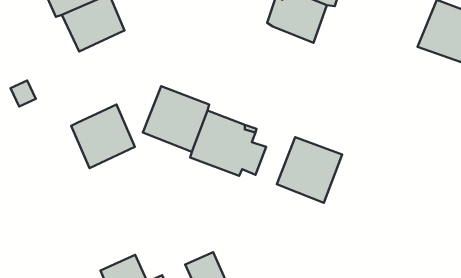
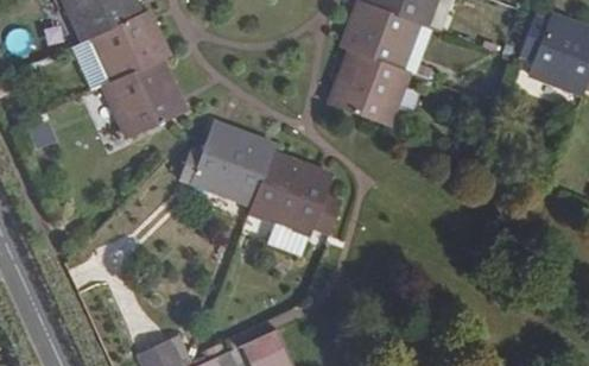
building: none -> [329,50,407,125]
building: [71,105,135,168] -> [103,58,182,137]
building: [277,137,342,203] -> none

